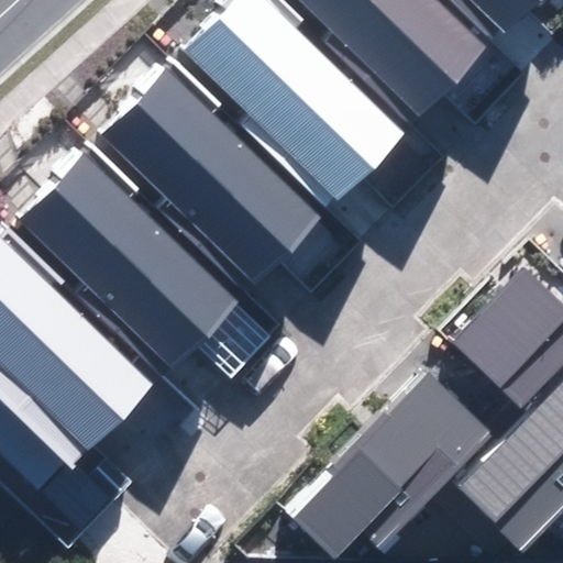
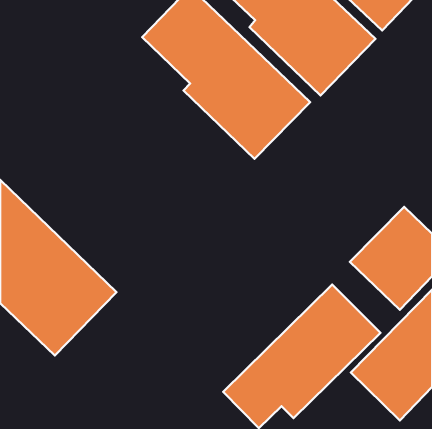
building: [102,70,321,295] -> none
building: [21,154,240,378] -> none

